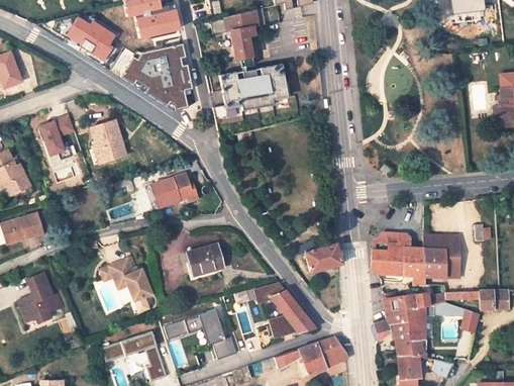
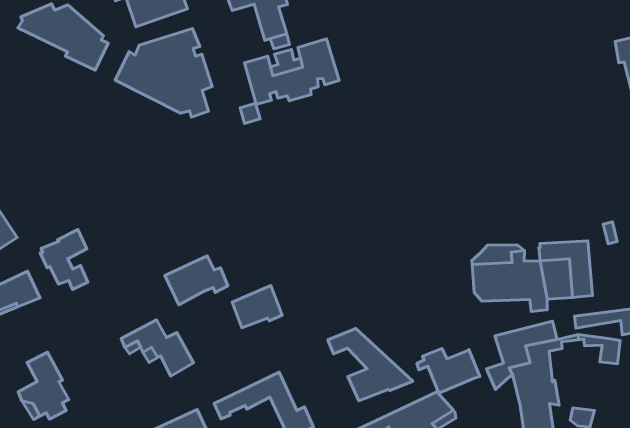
building: [38,115,74,160] -> [40,230,88,289]
building: [91,120,125,160] -> none
building: [151,174,198,208] -> [165,256,228,305]
building: [295,239,341,273] -> [417,349,480,393]

